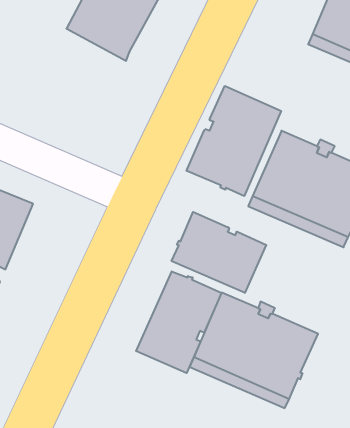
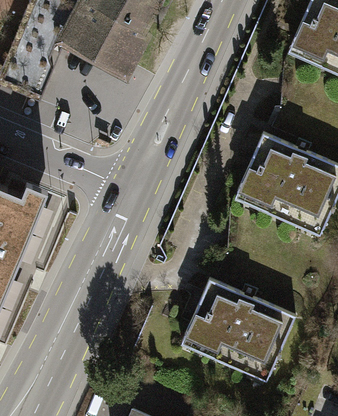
building: [187,86,281,196] -> none
building: [172,212,266,293] -> none
building: [136,271,222,373] -> none

